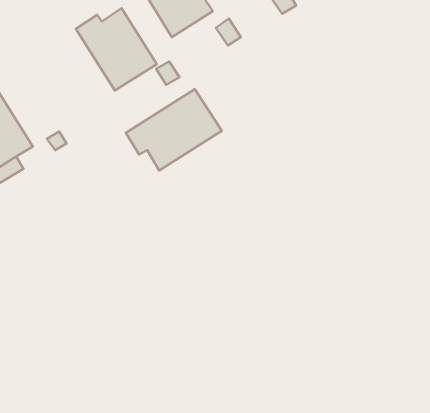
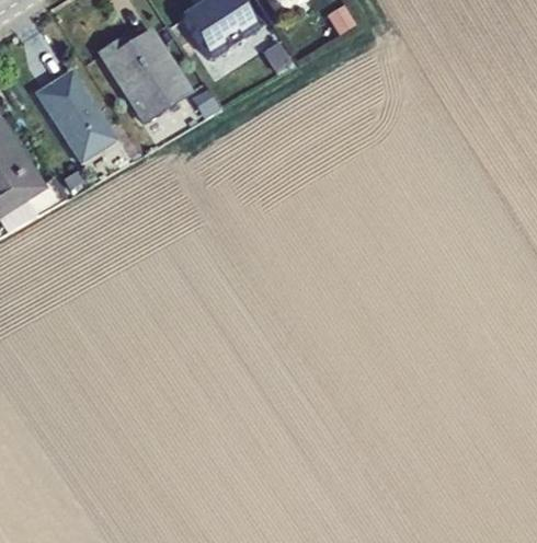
building: none -> [35,69,116,162]
building: [126,89,222,170] -> none

